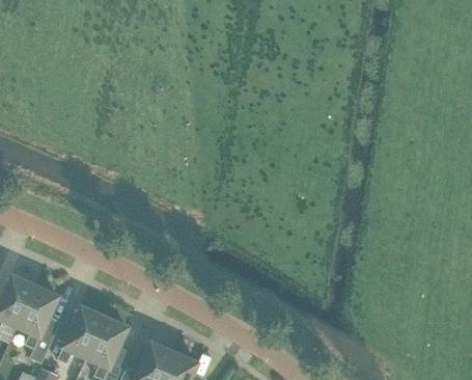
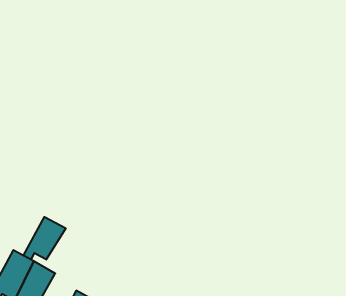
building: none -> [23,217,66,260]

